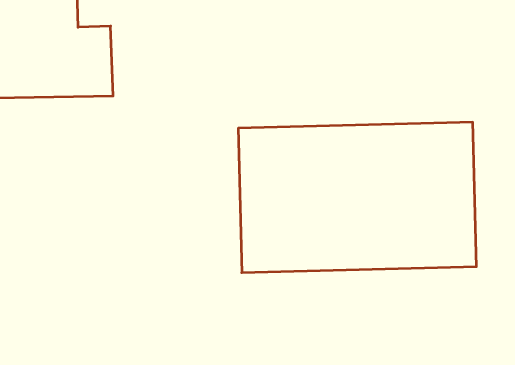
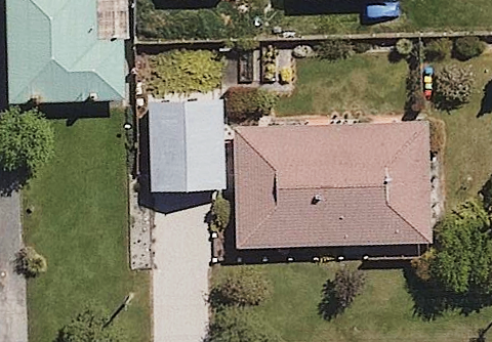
building: none -> [145,94,228,193]

